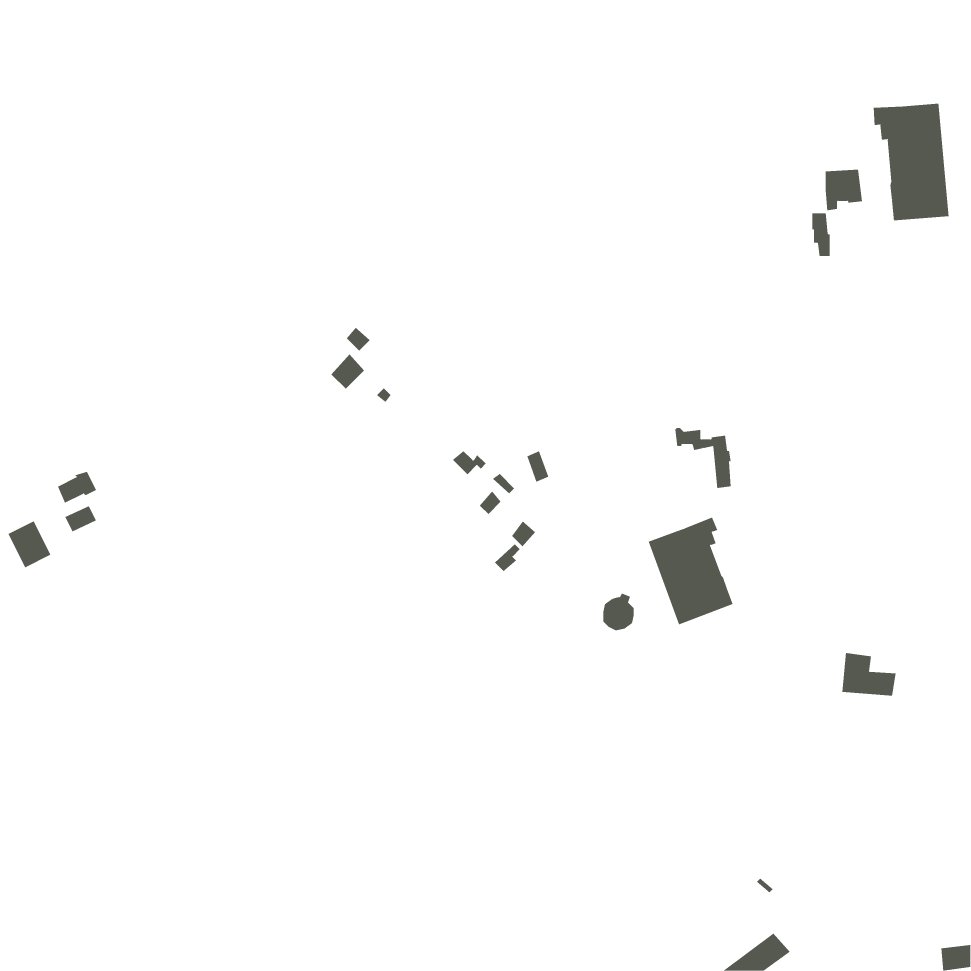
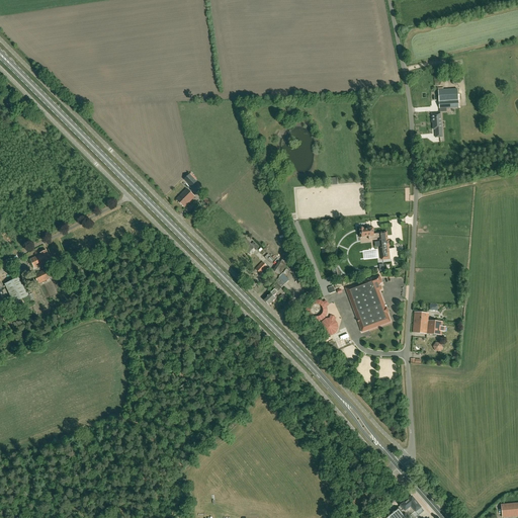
building: [873,103,949,221] -> none
building: [841,652,897,696] -> [413,312,442,335]

